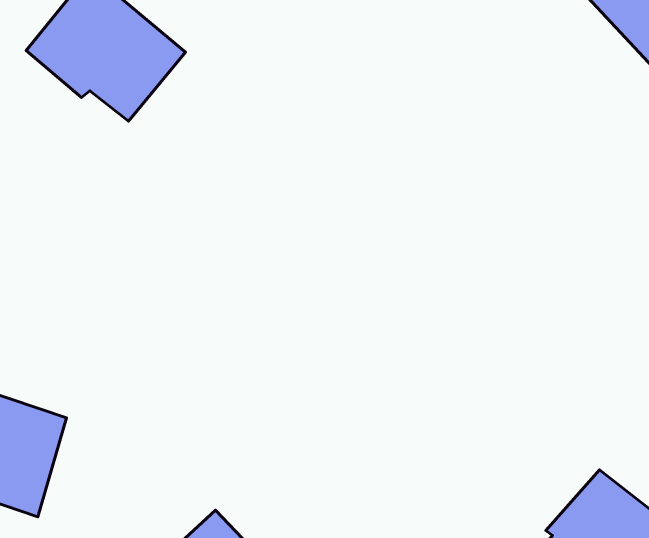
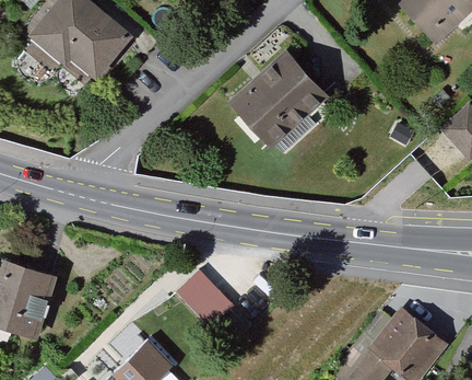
building: none -> [229,55,329,150]
building: none -> [182,274,239,331]

